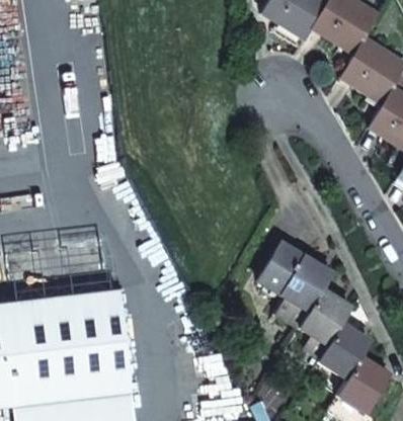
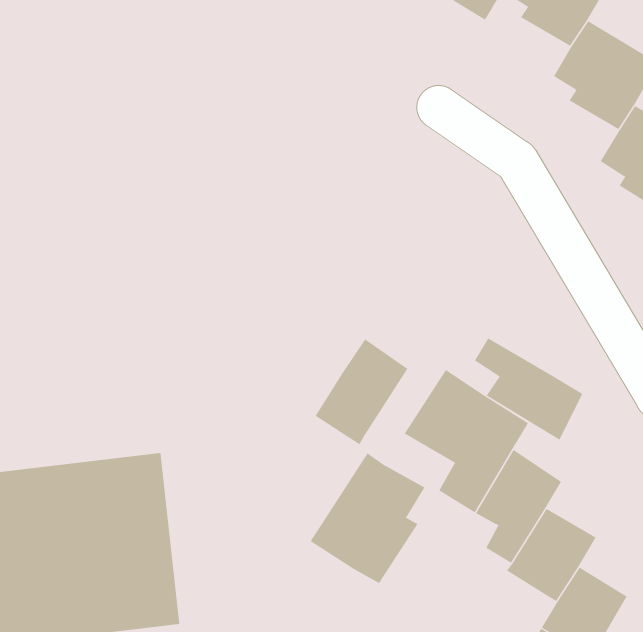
building: none -> [474,338,583,440]
building: none -> [315,339,408,445]
building: none -> [310,453,425,584]

